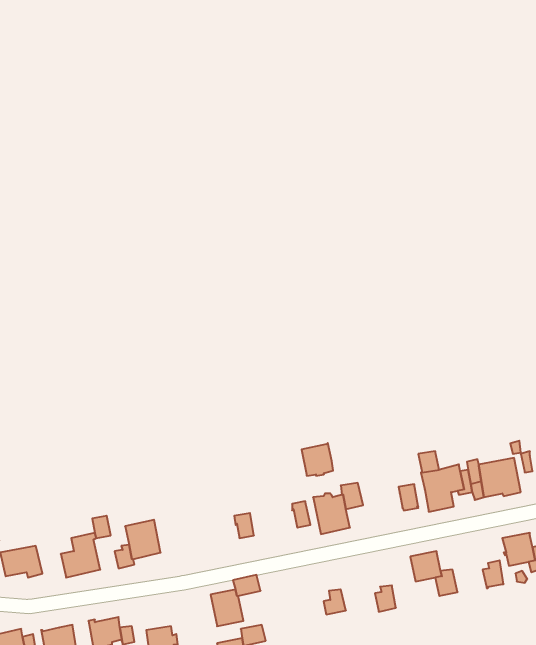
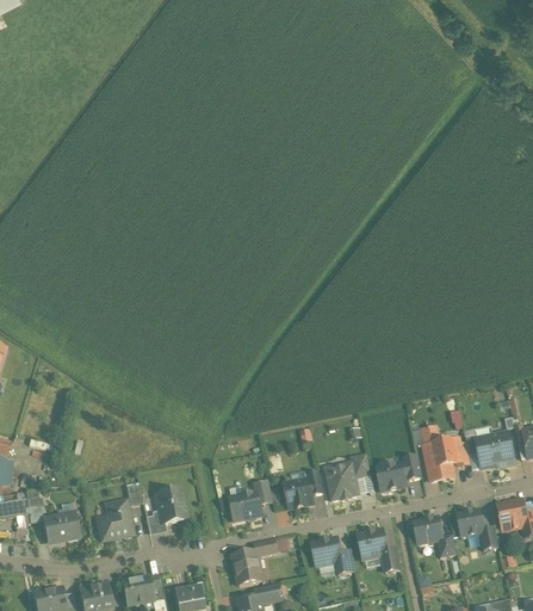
building: [302,443,333,476] -> [284,479,312,508]
building: none -> [376,463,407,489]
building: none -> [228,492,261,521]
building: none -> [455,508,485,537]
building: none -> [358,530,388,558]
building: none -> [311,538,341,566]

